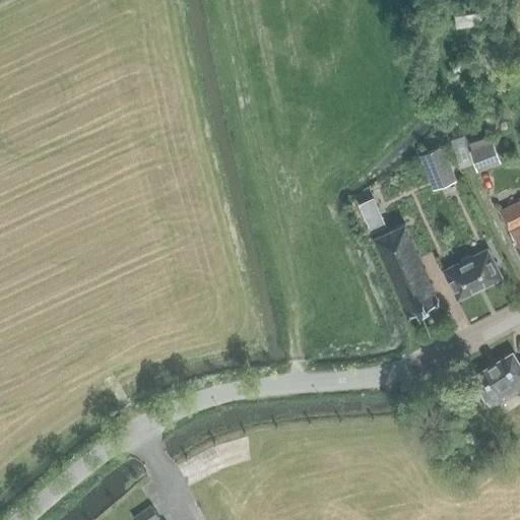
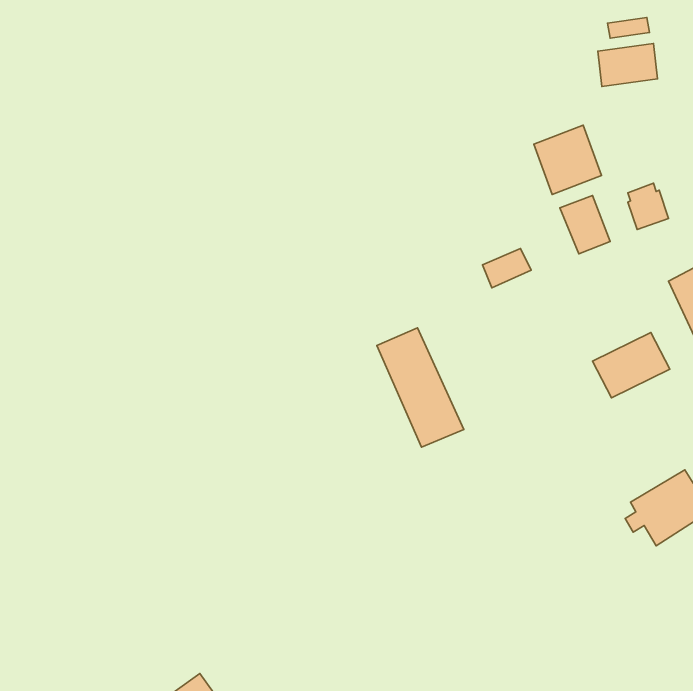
building: none -> [598,43,658,87]
building: none -> [534,125,602,194]
building: [375,225,440,315] -> [377,328,464,447]

